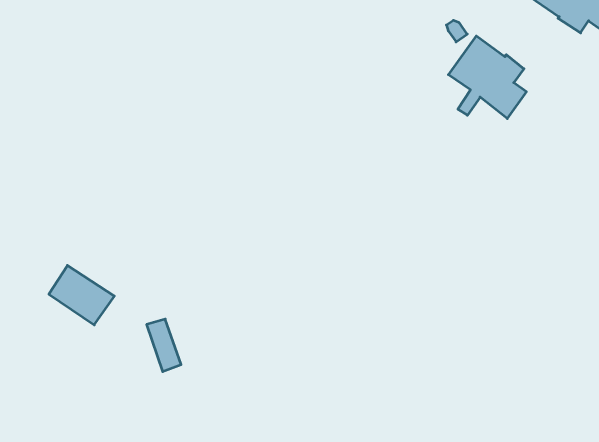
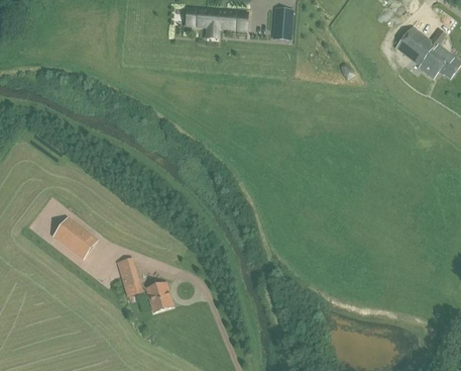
building: [448,36,526,119] -> none
building: none -> [146,283,172,311]

